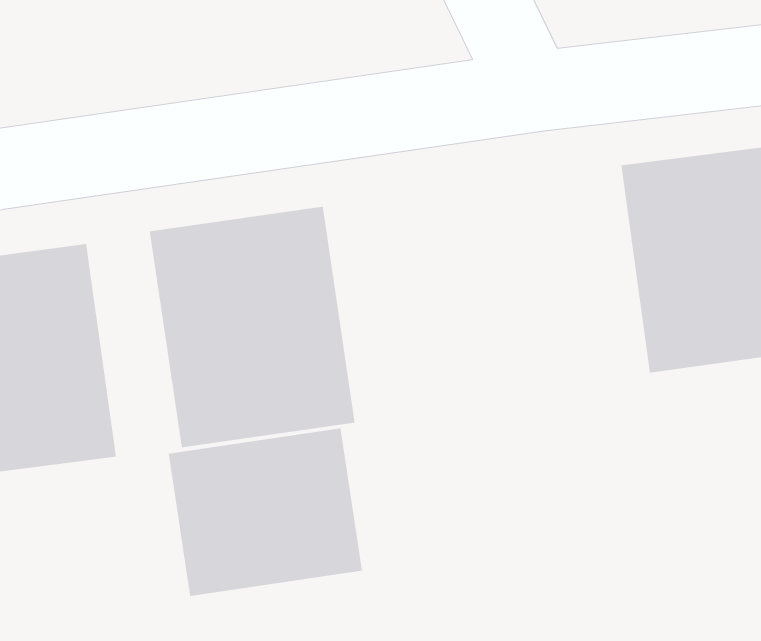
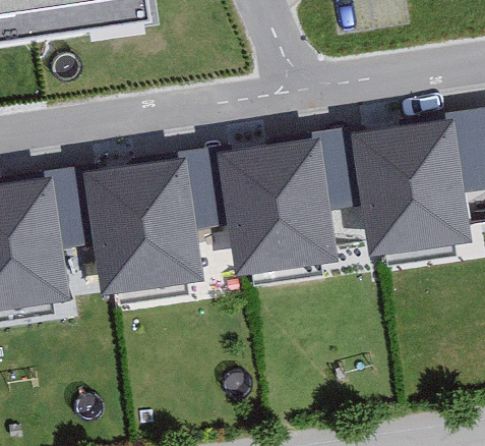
building: none -> [221,140,337,277]
building: [168,427,363,597] -> none

